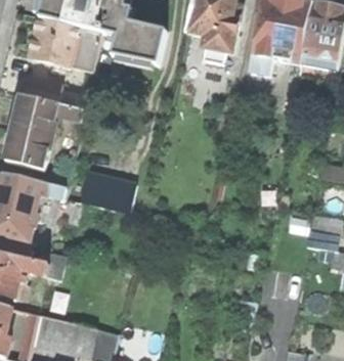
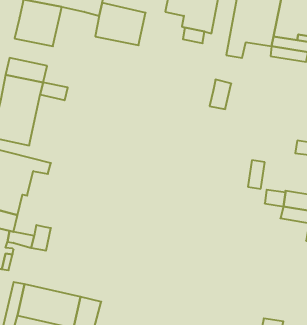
building: [69,25,101,71] -> none
building: [80,169,136,211] -> none

